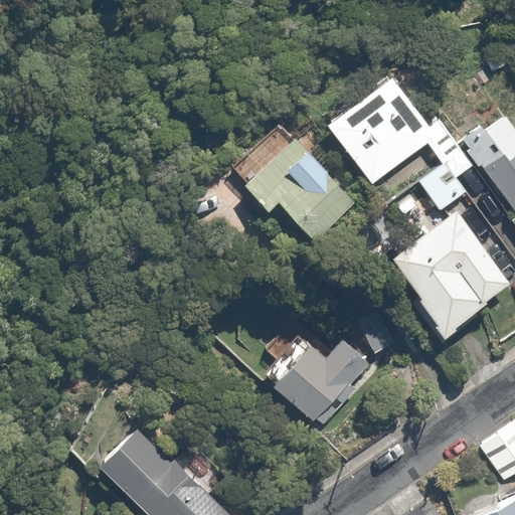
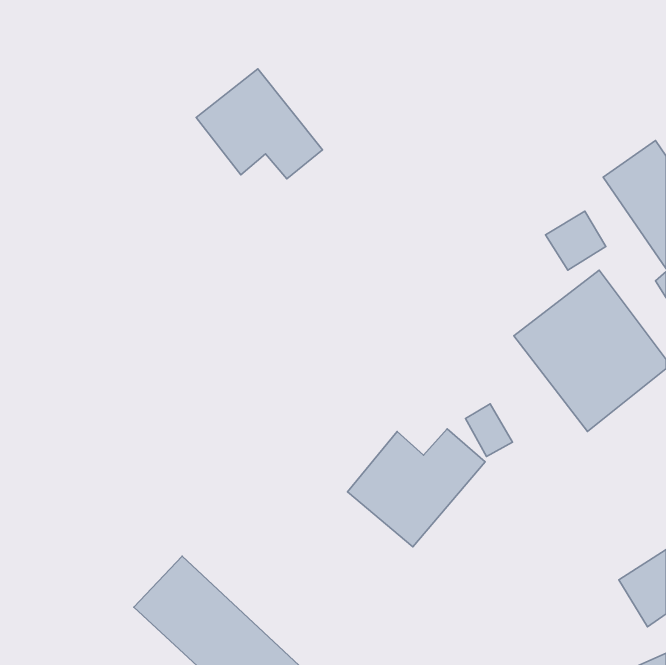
building: none -> [196,69,323,179]
building: [330,77,437,182] -> none
building: [228,120,358,245] -> none

